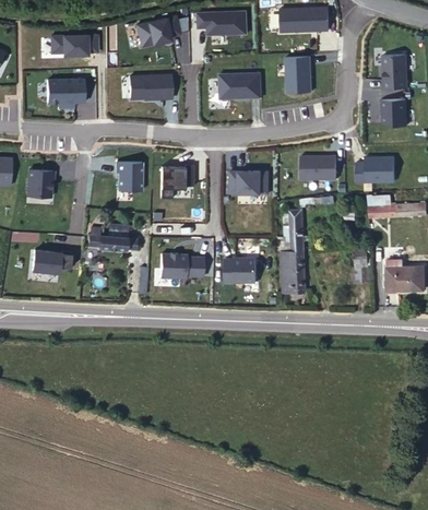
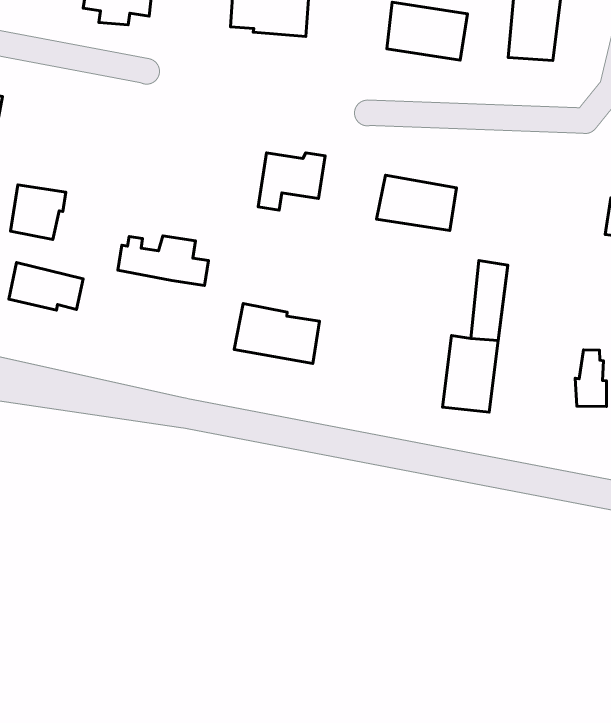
building: [300,155,336,180] -> none
building: [116,161,143,191] -> none
building: [27,169,55,197] -> [11,185,66,240]
building: [224,256,257,284] -> none

